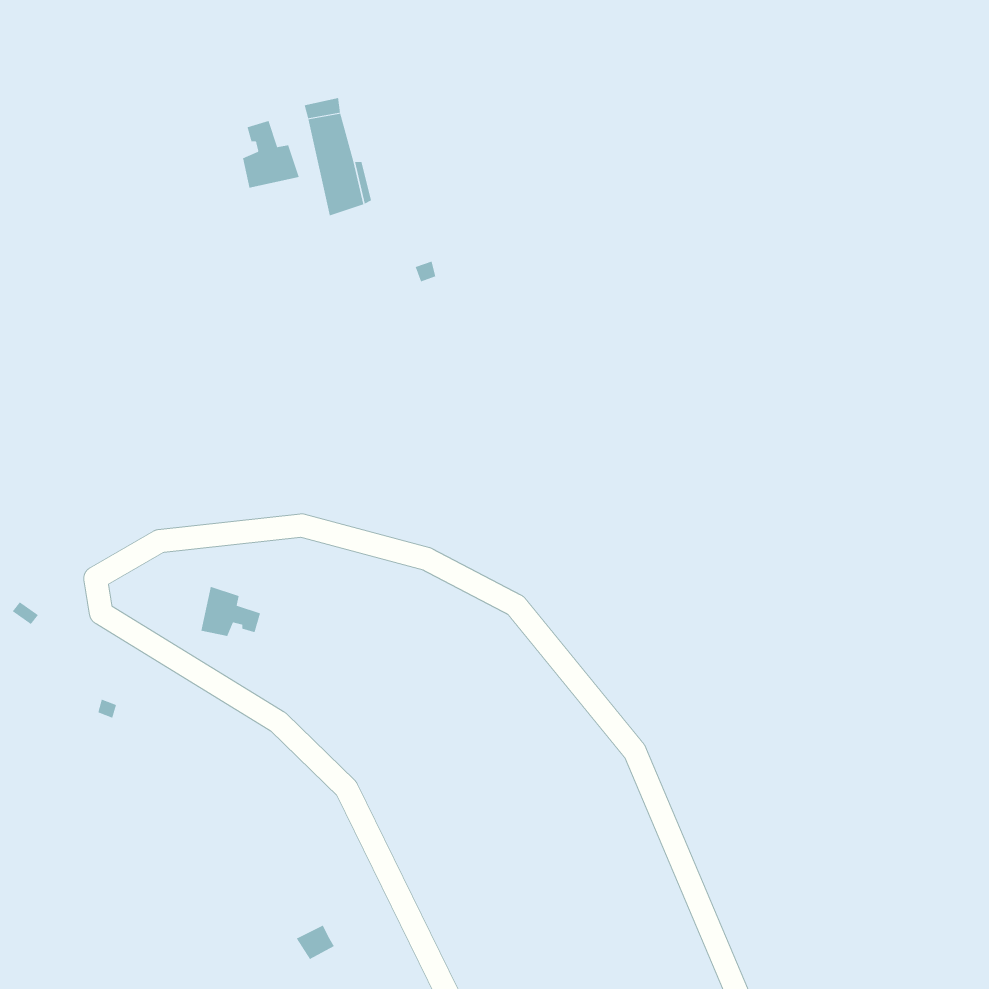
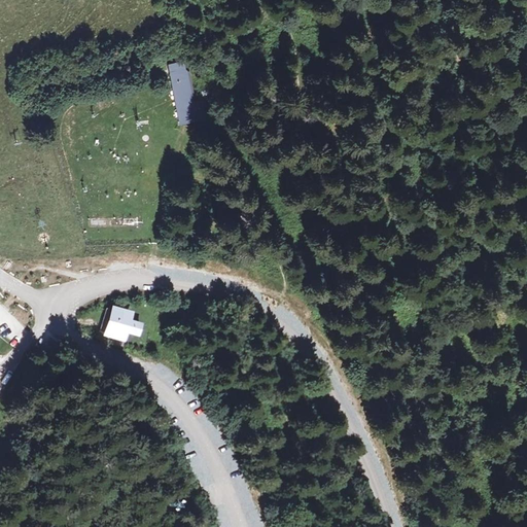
building: [242,120,300,188] -> none

